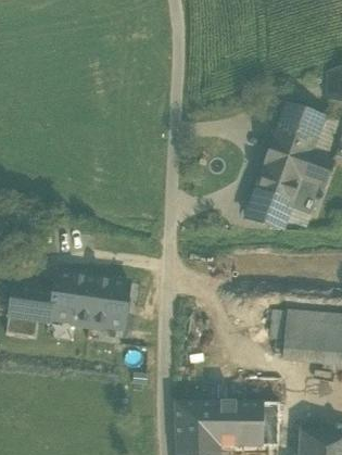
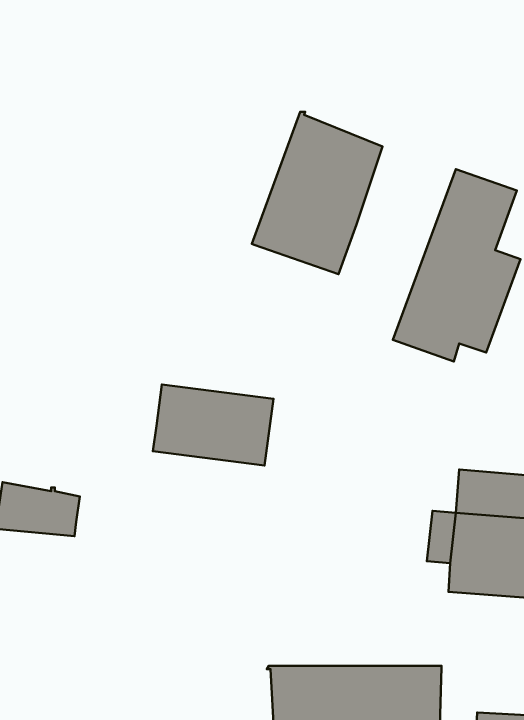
building: none -> [252,112,382,274]
building: [58,277,130,326] -> [153,385,273,466]

